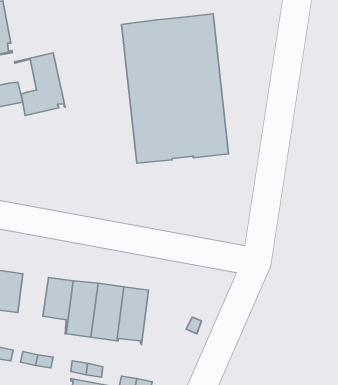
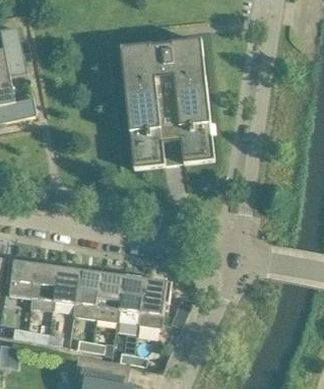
building: [14,53,65,115] -> none
building: none -> [29,264,58,313]
building: none -> [138,278,171,328]

